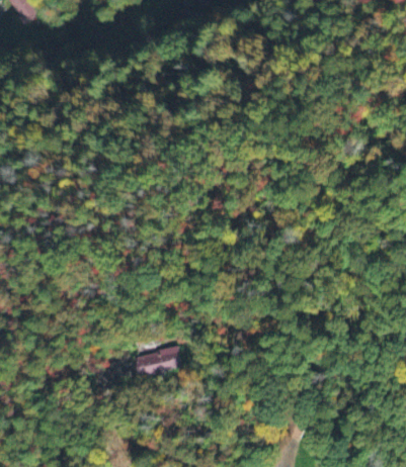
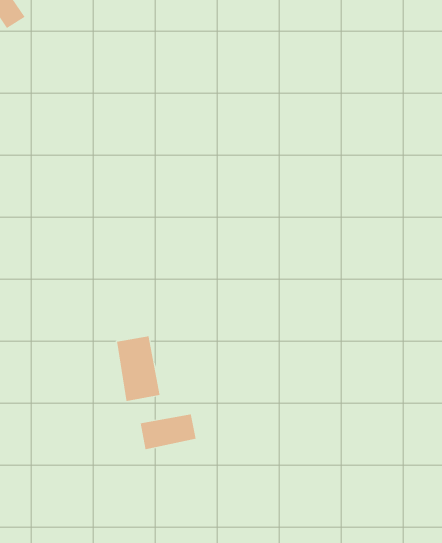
building: none -> [117,335,160,402]

